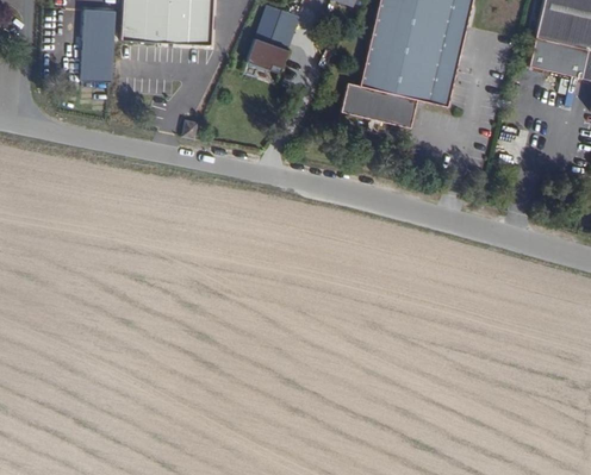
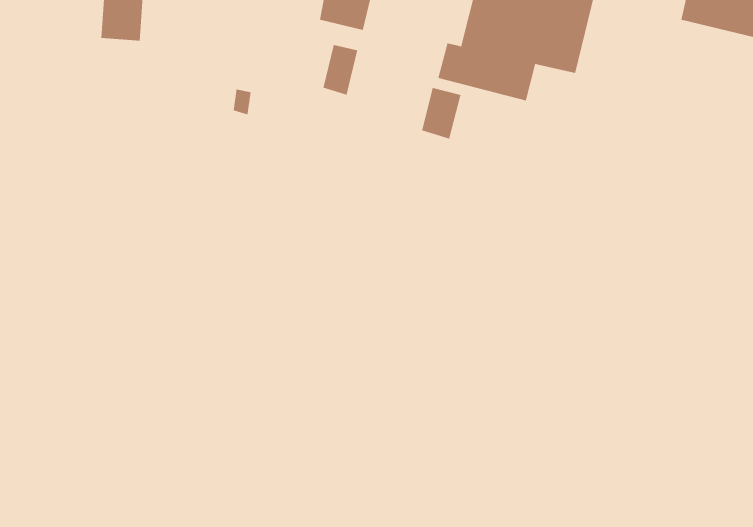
building: none -> [323,44,358,95]
building: none -> [421,87,461,140]

